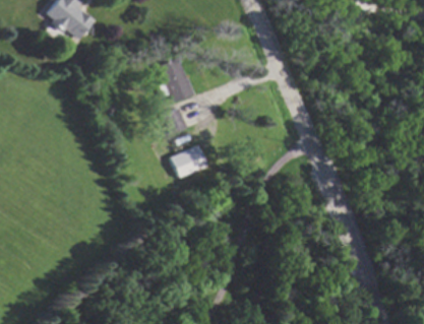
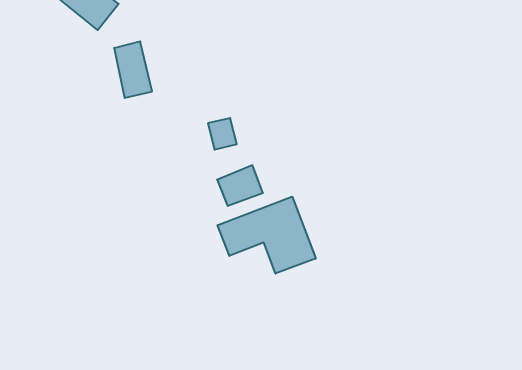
building: [162,58,191,102] -> [114,41,152,98]
building: none -> [218,197,316,274]

